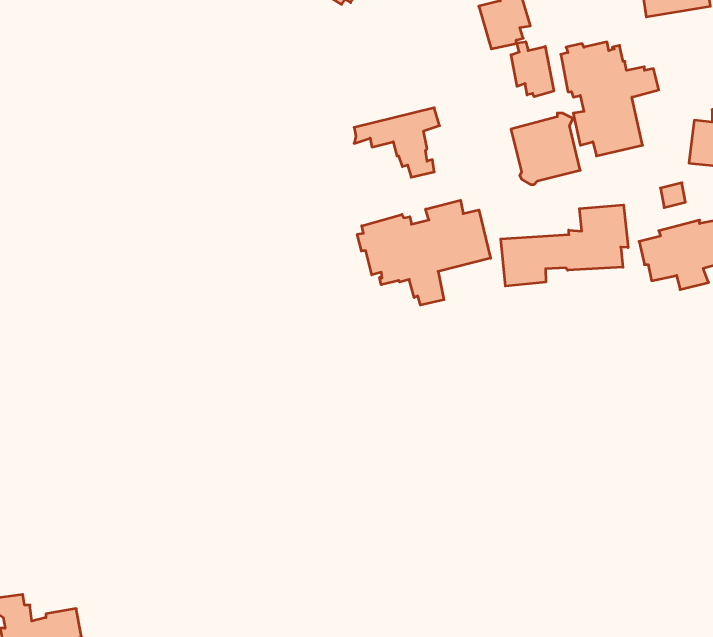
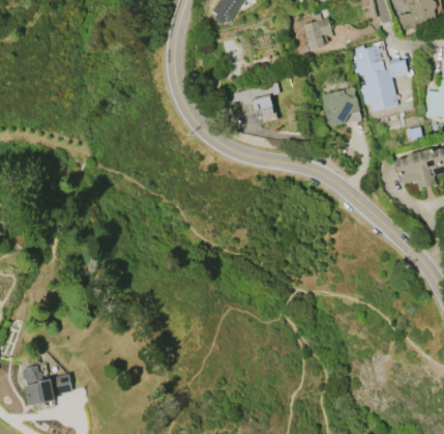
building: [511,42,554,97] -> none
building: [357,200,491,305] -> none
building: [501,205,628,286] -> none

